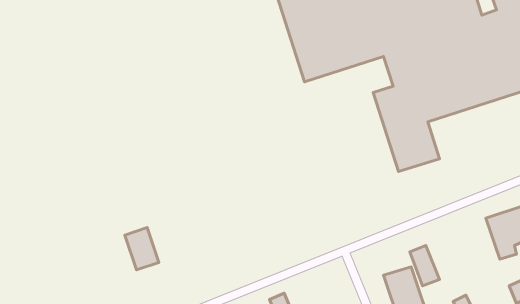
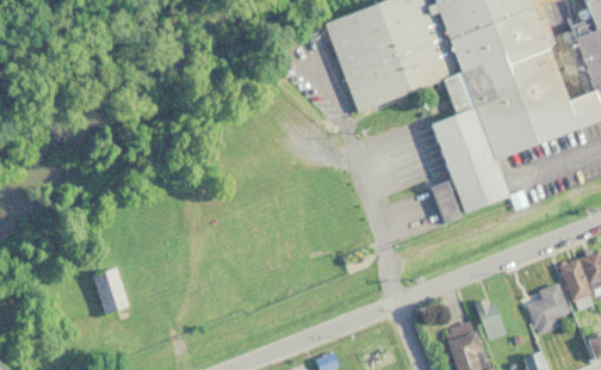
building: none -> [430,183,461,223]
building: [125,228,159,270] -> [92,266,130,314]
building: none -> [528,283,570,334]

